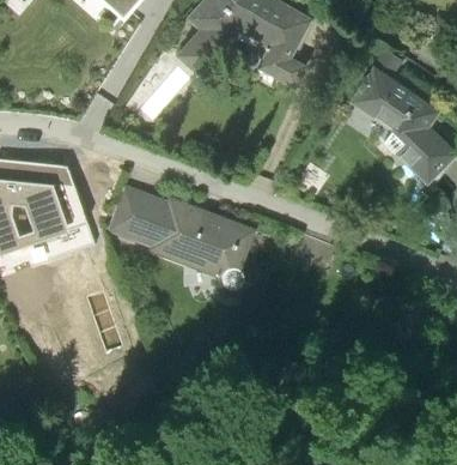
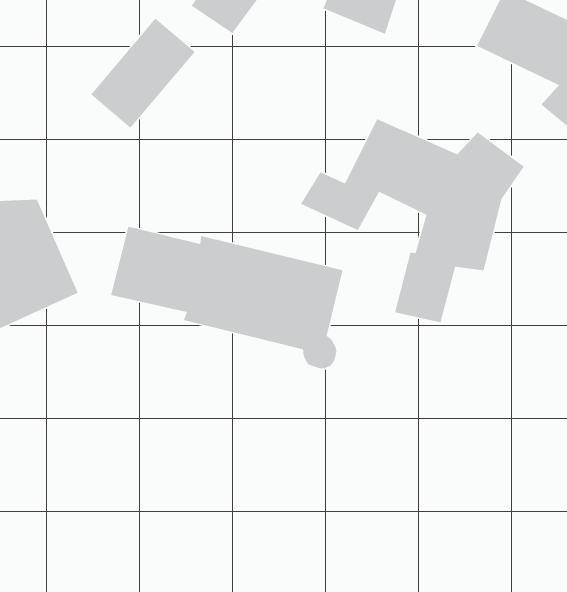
building: none -> [300,118,525,323]

